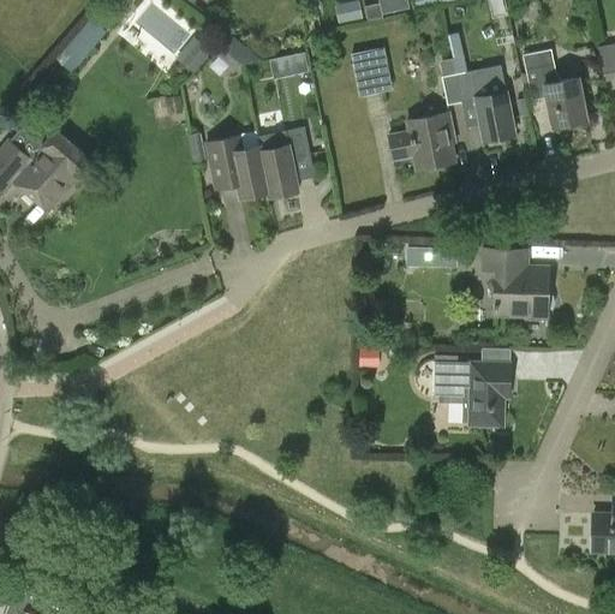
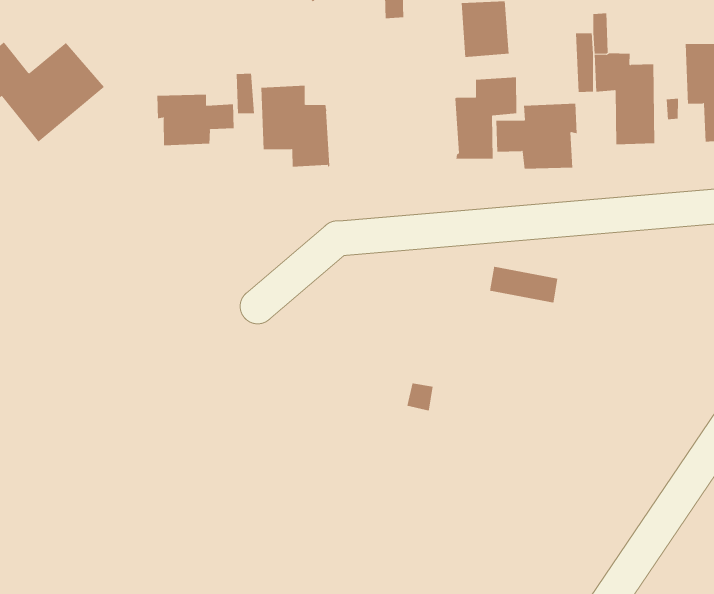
building: [261,126,310,196] -> [454,77,517,159]
building: none -> [157,94,234,146]
building: [482,248,545,315] -> none
building: [432,347,509,425] -> none

